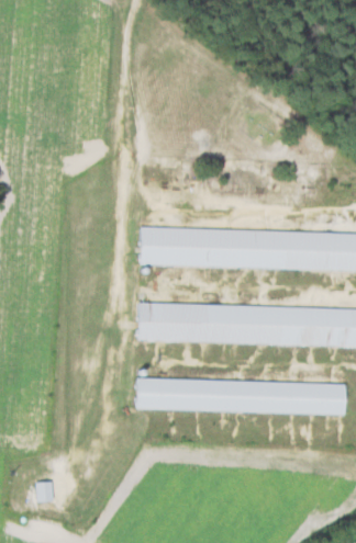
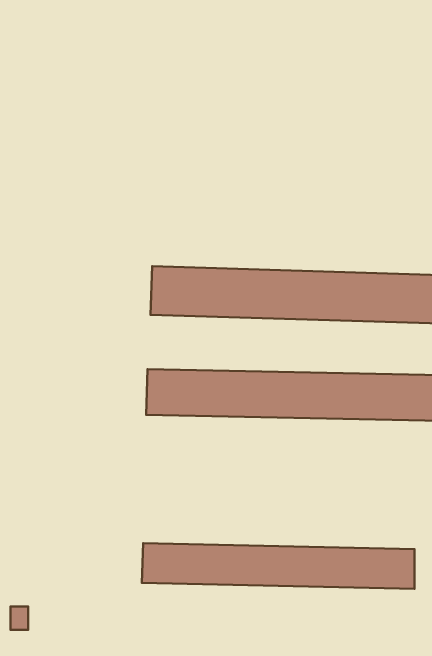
building: [140,380,343,414] -> [142,543,414,589]

